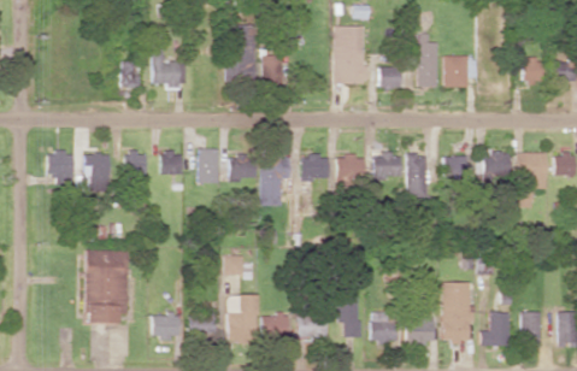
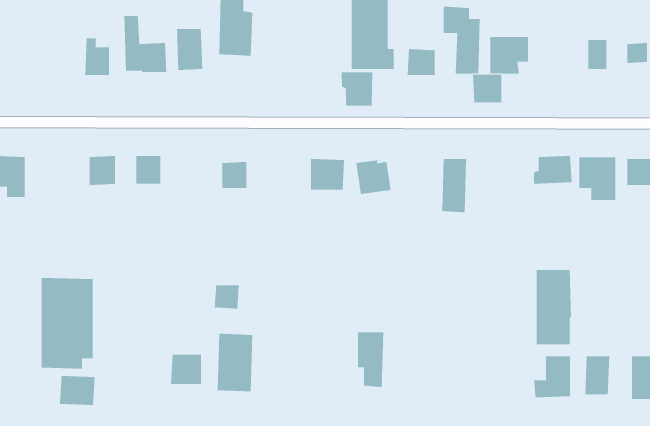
building: [261,54,283,88] -> [176,28,203,71]
building: none -> [341,71,373,107]
building: [199,148,219,183] -> none
building: [77,154,111,192] -> none
building: [373,154,401,178] -> none
building: [443,155,467,178] -> [472,74,502,103]
building: [260,157,290,206] -> none
building: [442,282,471,342] -> [536,270,572,345]
building: [371,312,396,341] -> none
building: [151,314,179,338] -> [59,375,95,406]
building: [261,314,288,337] -> none
building: [407,314,434,341] -> none
building: [296,316,326,336] -> none

